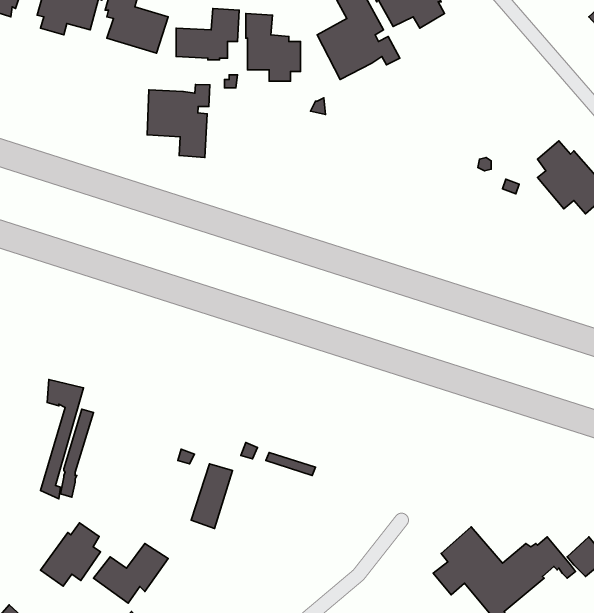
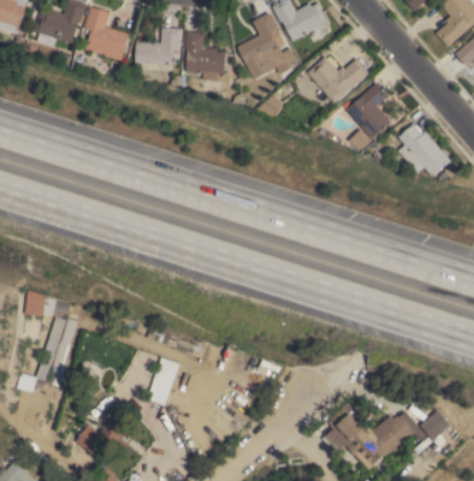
building: none -> [307,57,369,103]
building: [147,84,210,157] -> none
building: none -> [346,83,391,139]
building: [41,523,101,586] -> none

